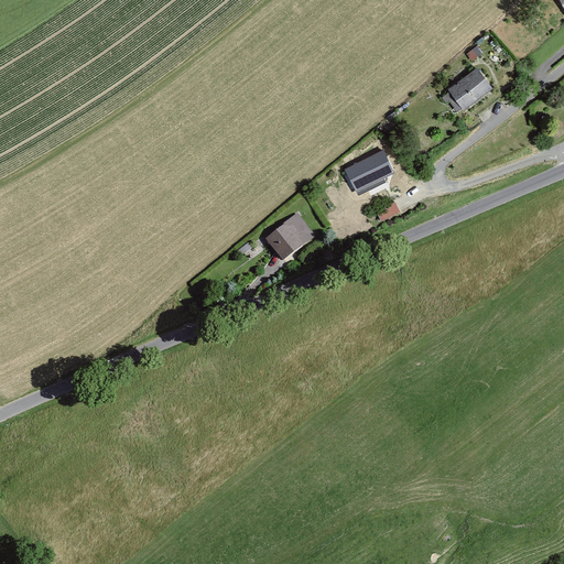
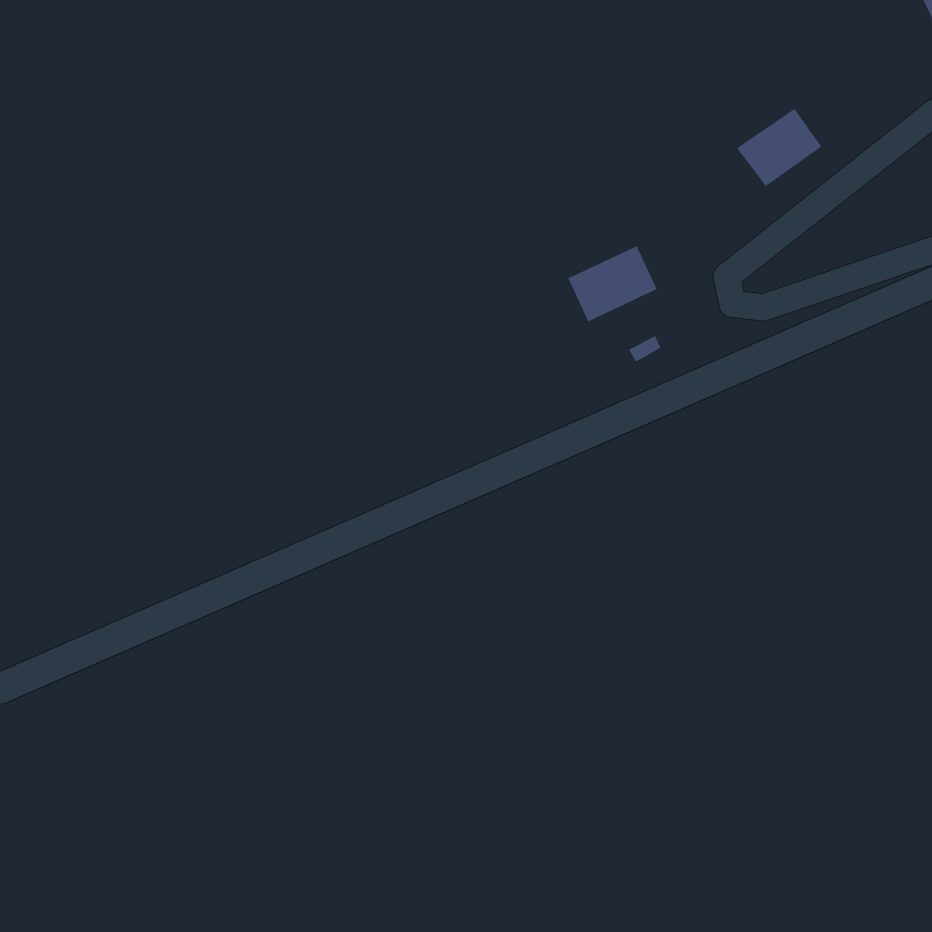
building: [263,216,314,263] -> none

